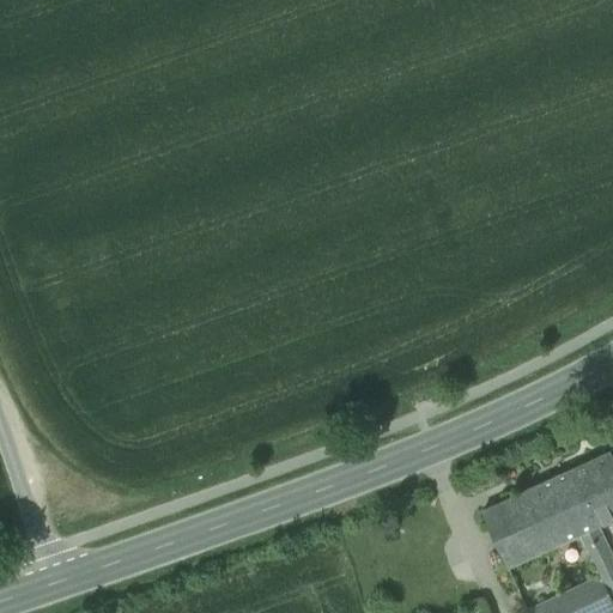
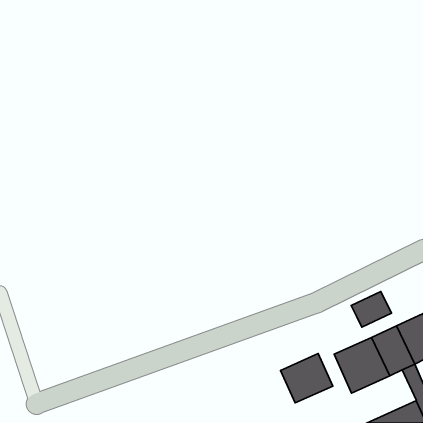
building: none -> [351,291,391,327]
building: none -> [281,354,333,403]

